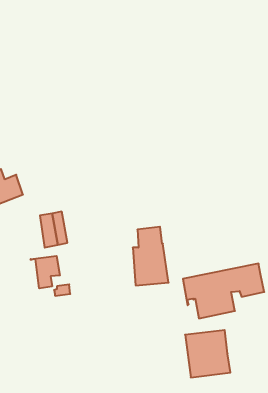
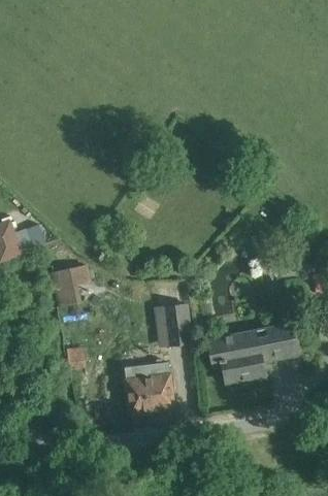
building: [31,256,60,288] -> none
building: [185,330,230,377] -> [125,362,174,414]

